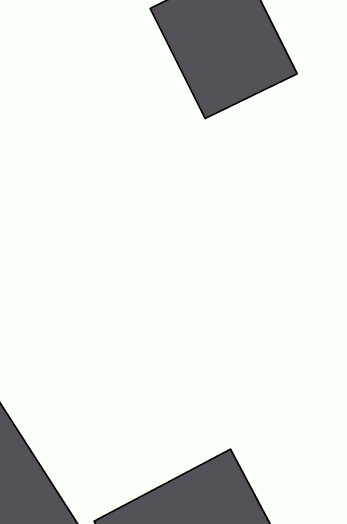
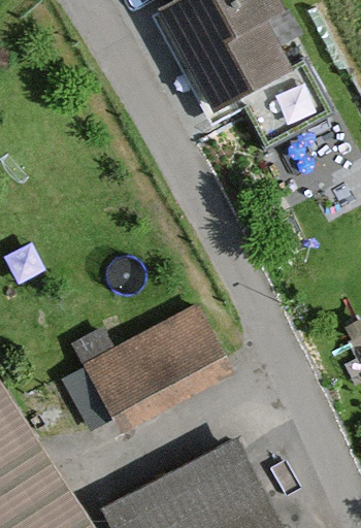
building: none -> [63,314,226,437]

